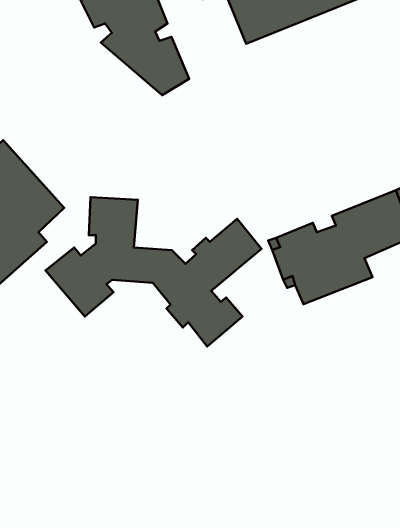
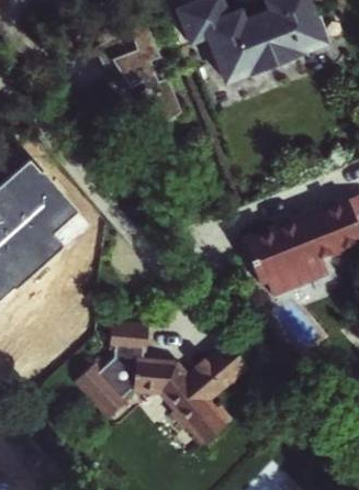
building: [46,197,261,346] -> [78,327,253,448]

